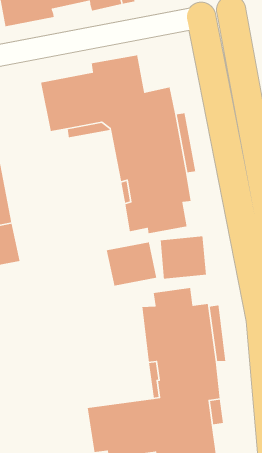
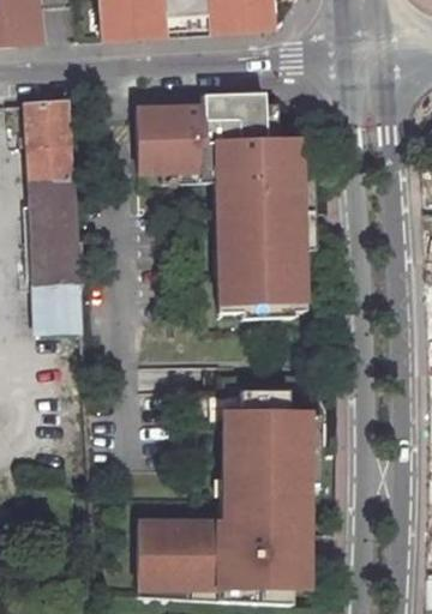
building: [160,235,207,280] -> none
building: [106,242,157,287] -> none

